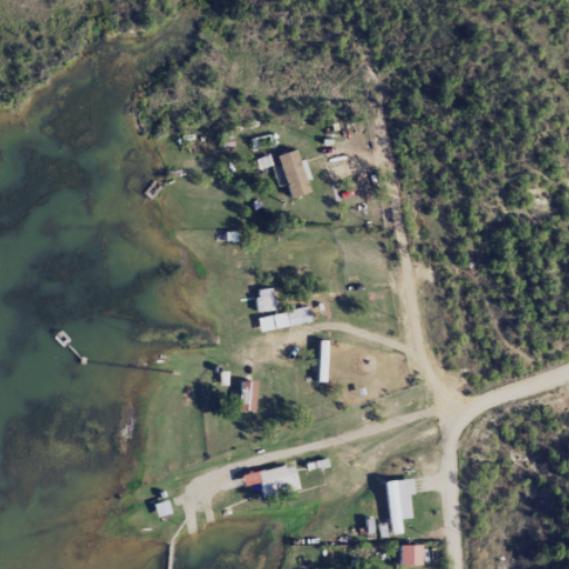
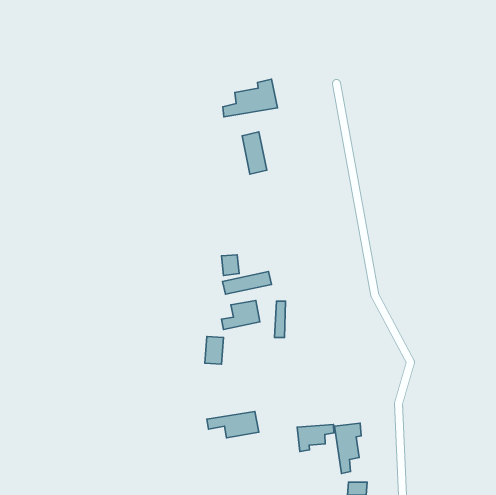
building: none -> [223,79,277,117]
building: none -> [221,300,260,329]
building: none -> [297,424,334,451]

